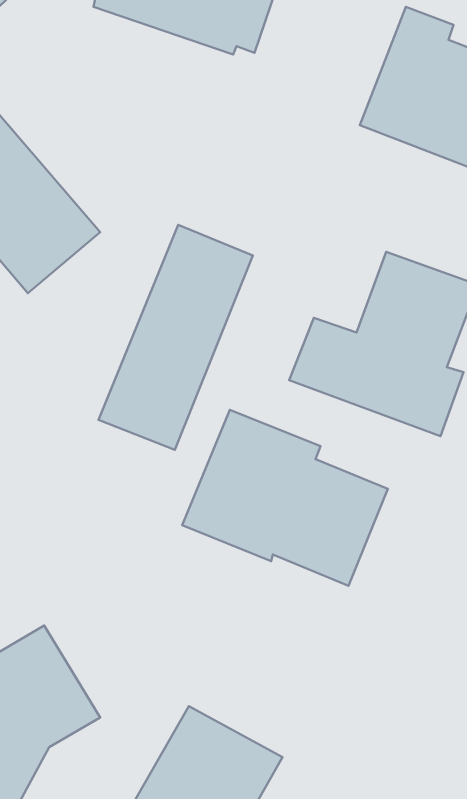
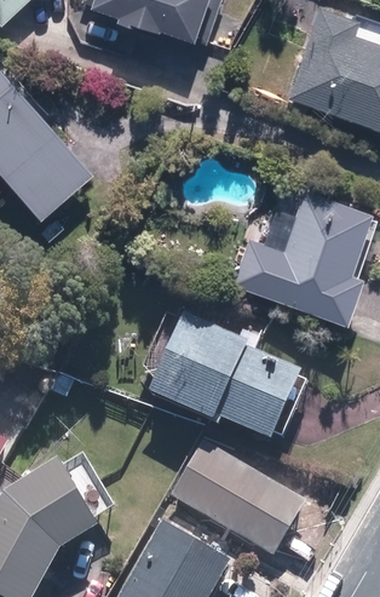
building: [99,225,253,450] -> none
building: none -> [177,443,315,555]

